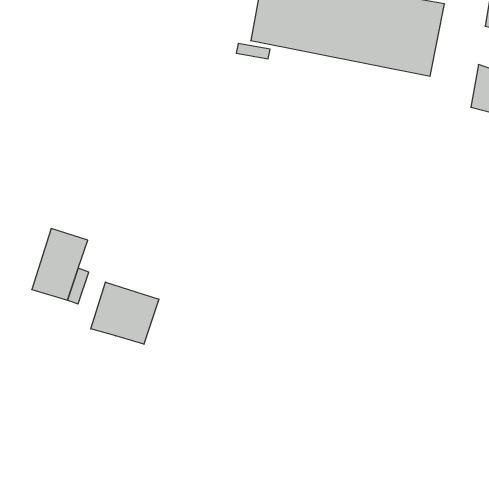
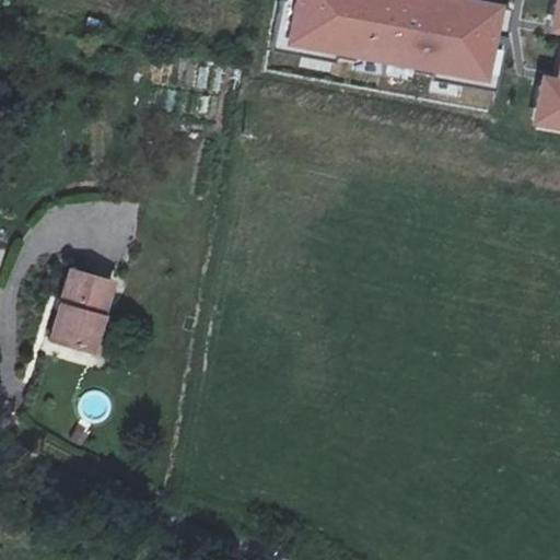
building: [91,282,159,344] -> none

